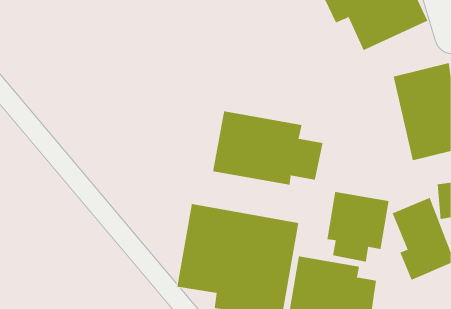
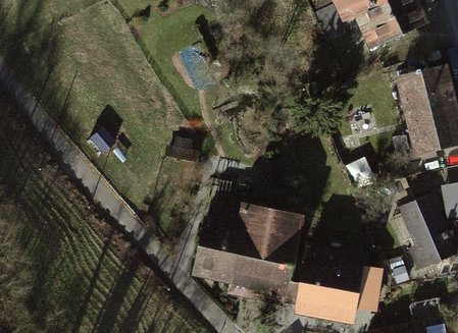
building: [213,111,323,185] -> none
building: [327,191,389,262] -> none

